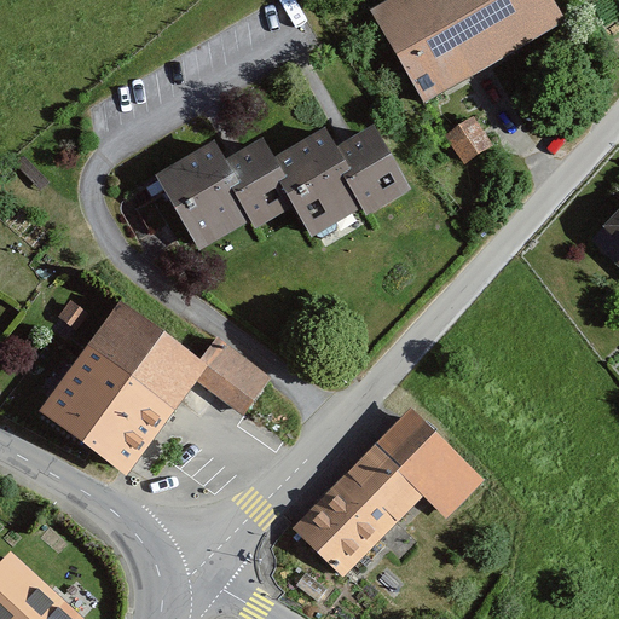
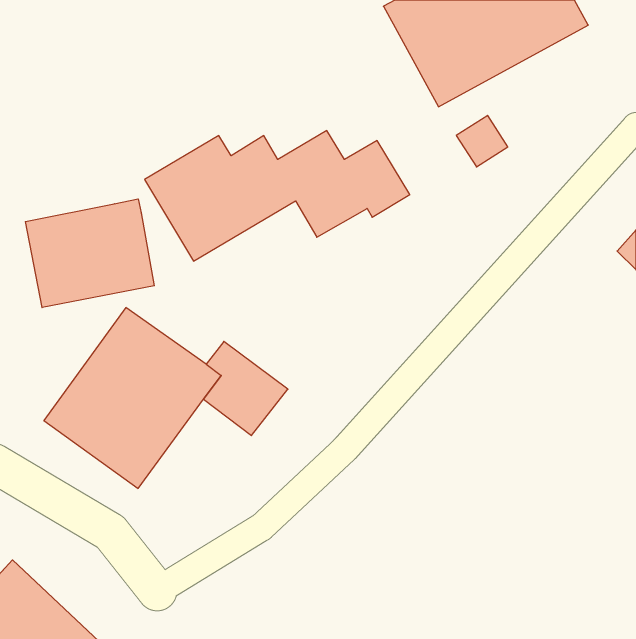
building: none -> [25,199,154,308]
building: [293,406,487,574] -> none

